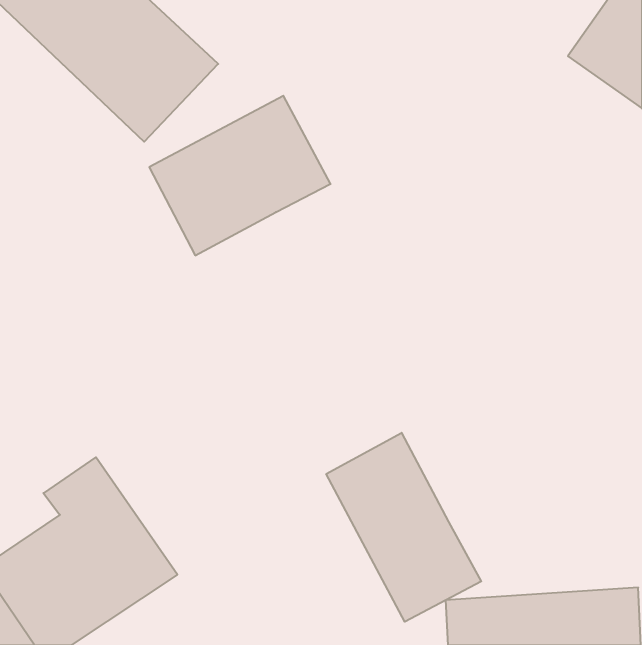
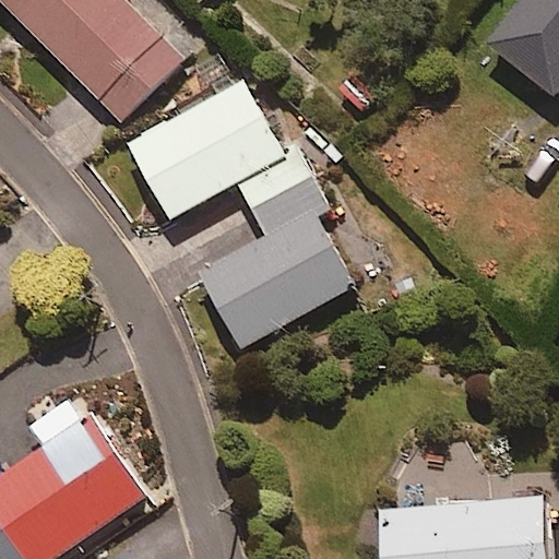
building: none -> [198,151,352,348]
building: [326,433,481,622] -> none

